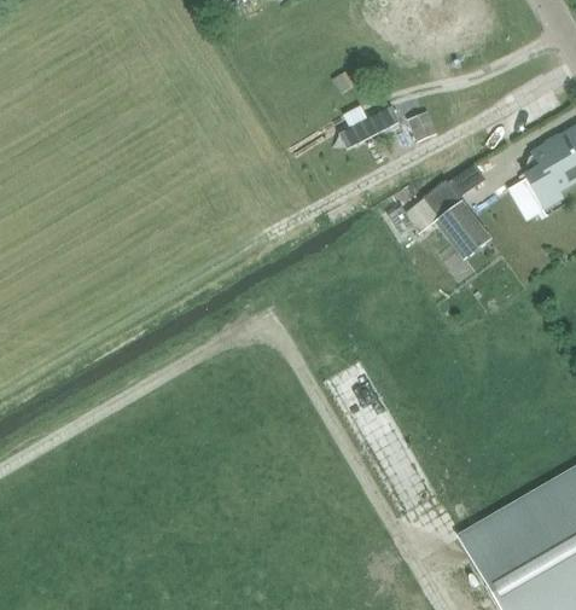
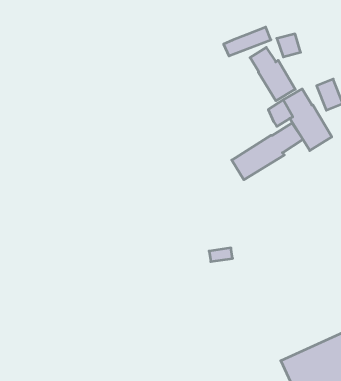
building: none -> [250,47,295,101]
building: none -> [232,123,303,180]

